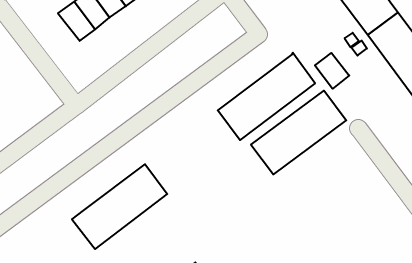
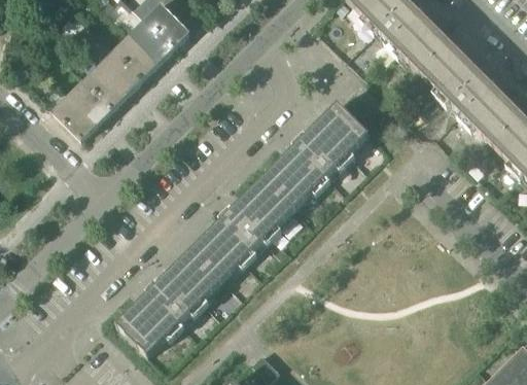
building: none -> [46,89,98,140]
building: [315,53,349,89] -> none
building: [251,91,346,174] -> [190,179,293,281]

